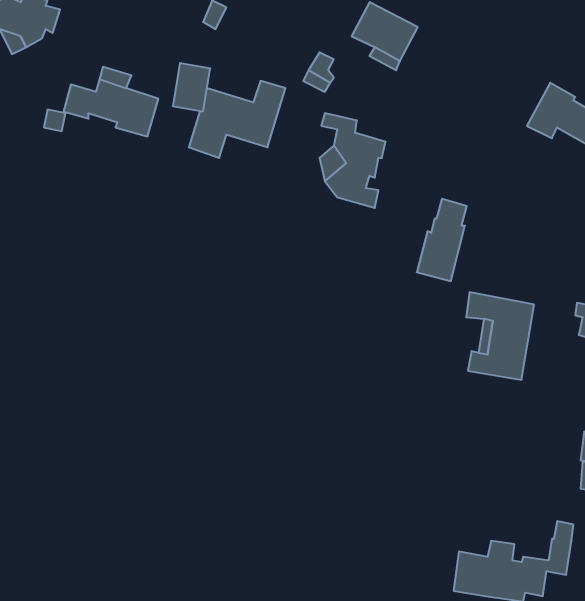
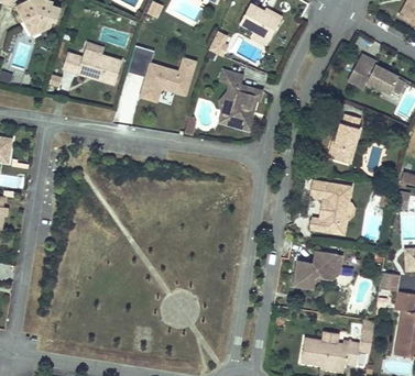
building: [417,199,467,281] -> [329,111,360,162]
building: none -> [293,253,343,289]

